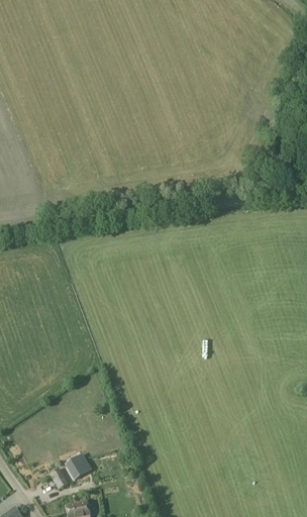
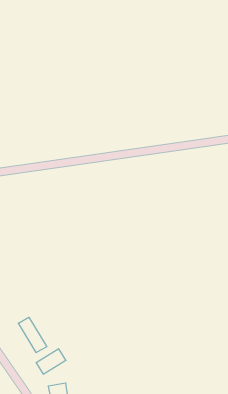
building: none -> [18,317,47,353]

